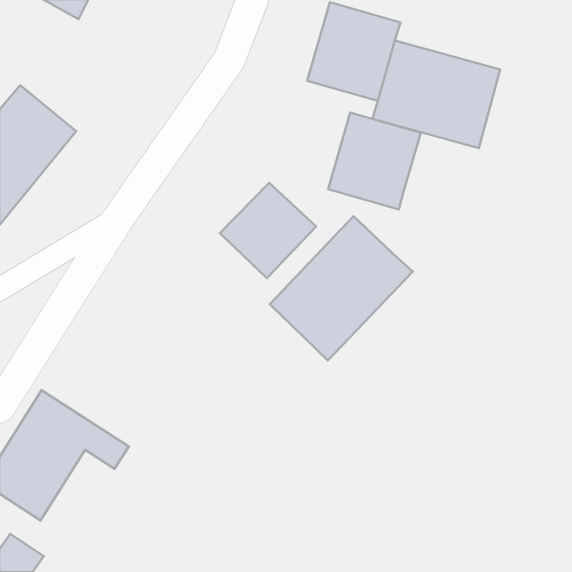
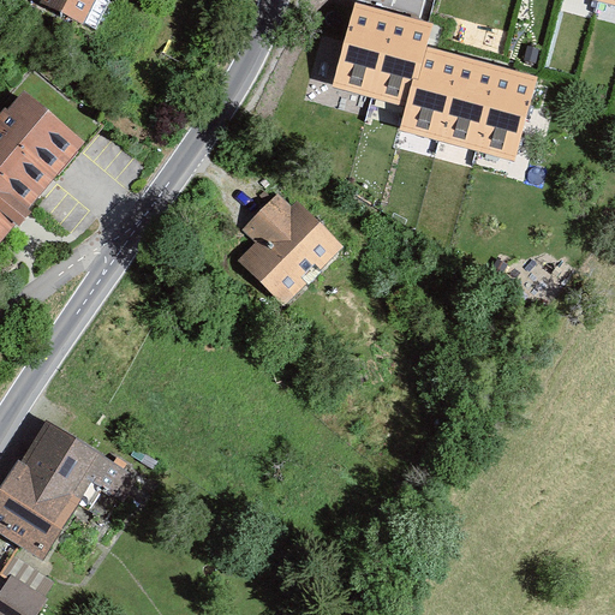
building: [328,113,421,209] -> none
building: [270,216,413,360] -> none

